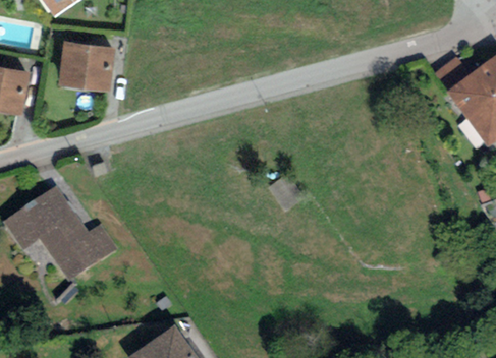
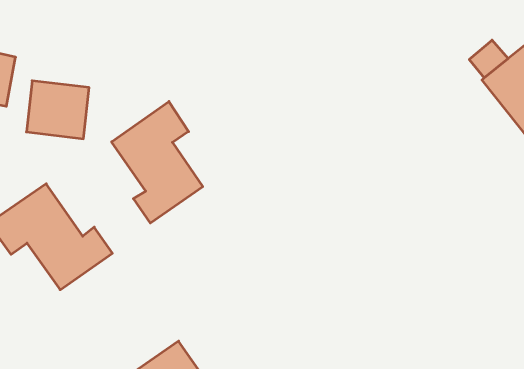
building: [58,41,114,93] -> [26,81,89,139]
building: none -> [112,101,203,223]

